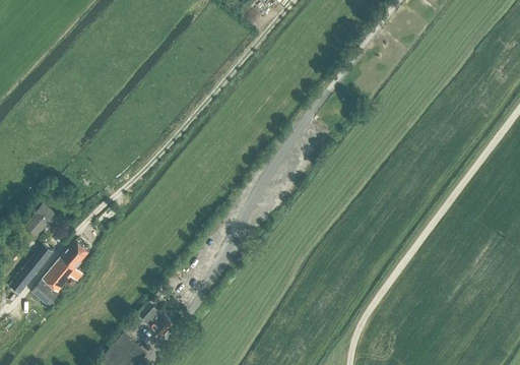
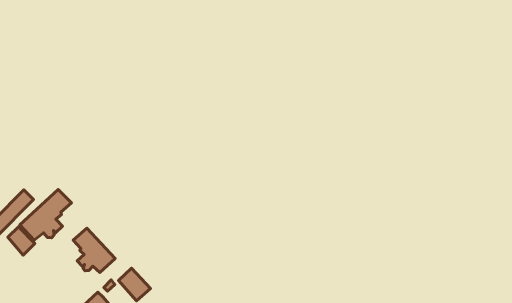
building: [26,204,57,236] -> none
building: none -> [73,228,115,273]

